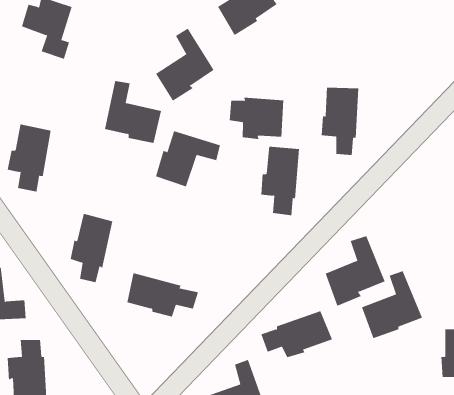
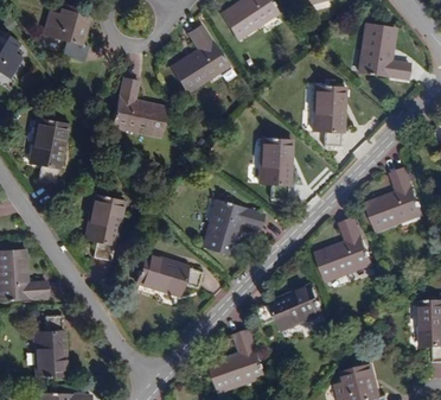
building: none -> [360,24,409,80]
building: [229,97,284,140] -> none
building: [155,131,221,187] -> [204,201,263,252]
building: [361,270,423,339] -> [366,167,422,229]

